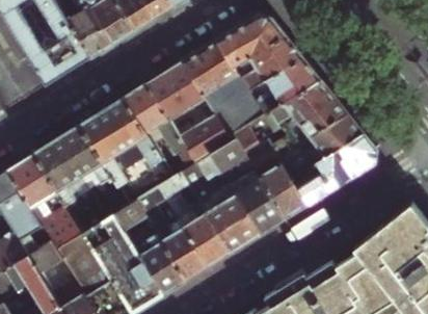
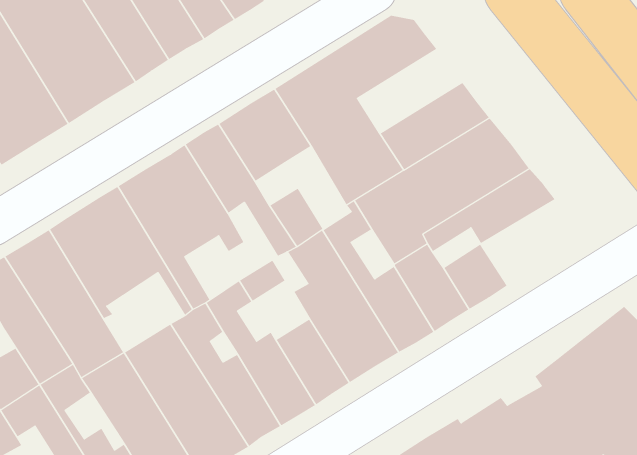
building: [236,35,304,90] -> none
building: [189,99,232,153] -> none
building: [316,133,378,189] -> none

